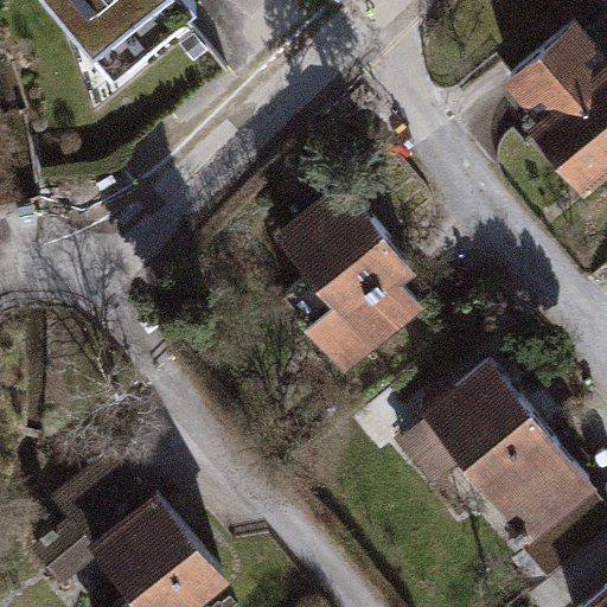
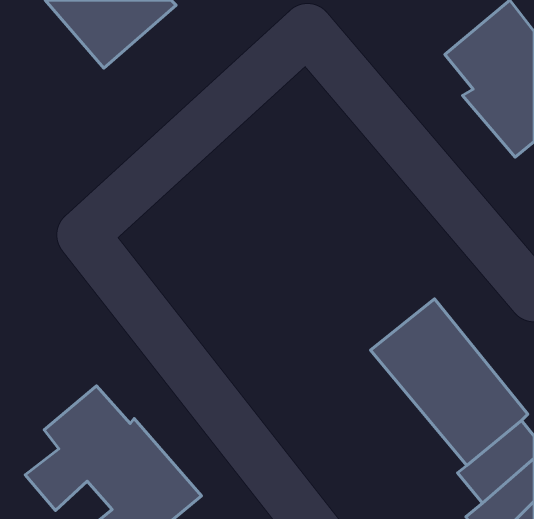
building: [276,183,423,381] -> none

